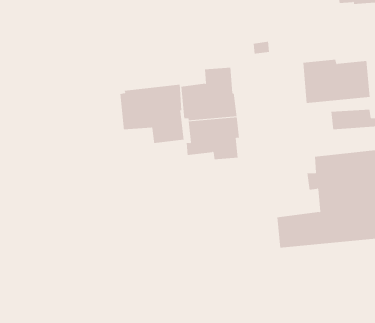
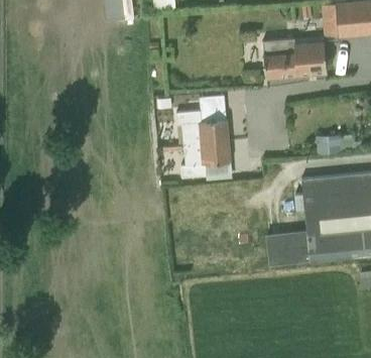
building: [303,59,370,104] -> [263,39,327,81]
building: [120,84,184,144] -> none

